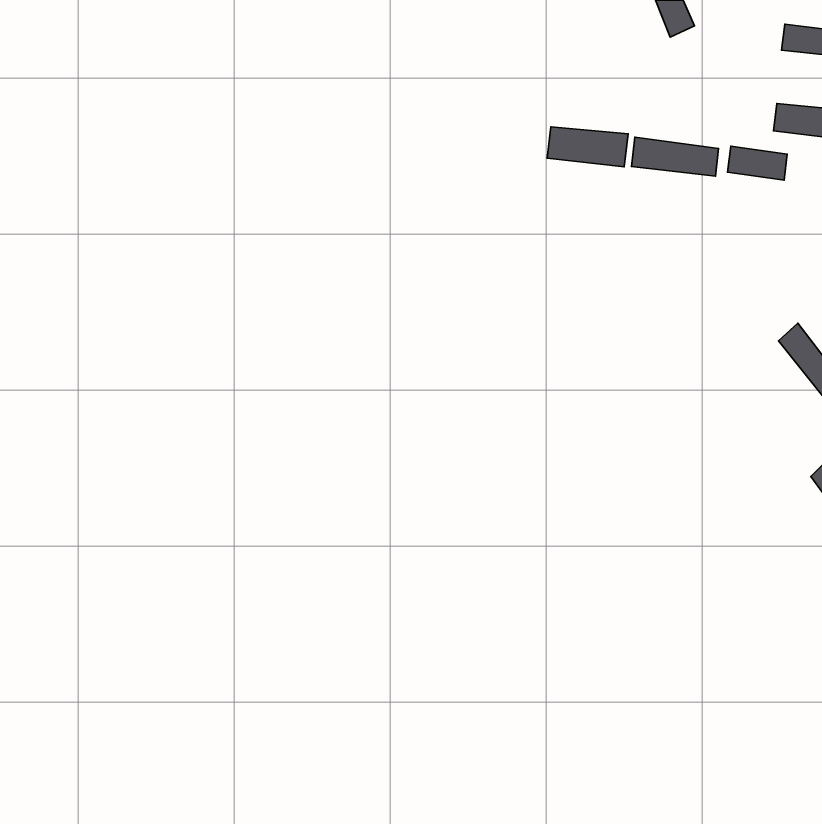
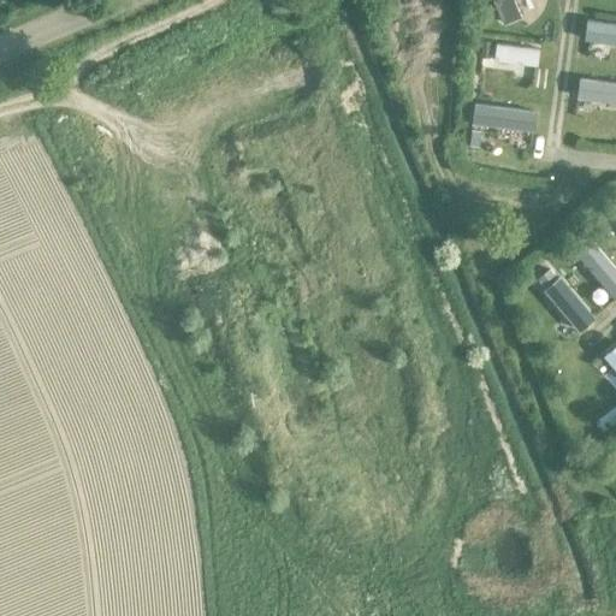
building: [547,127,628,167] -> none
building: [728,146,787,180] -> [494,42,539,67]
building: none -> [545,277,596,332]

